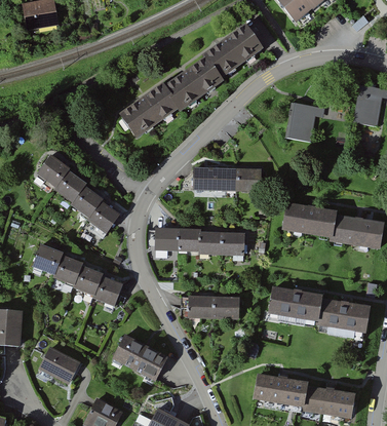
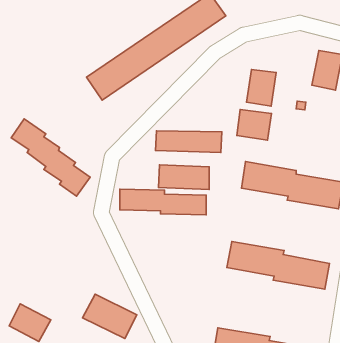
building: none -> [237,109,272,140]
building: [35,245,125,309] -> none
building: [185,295,237,320] -> [159,165,209,190]

